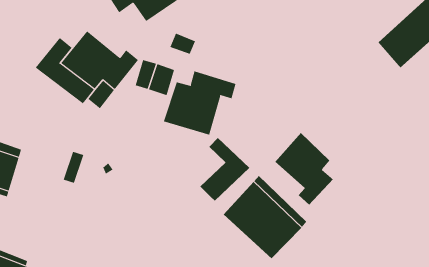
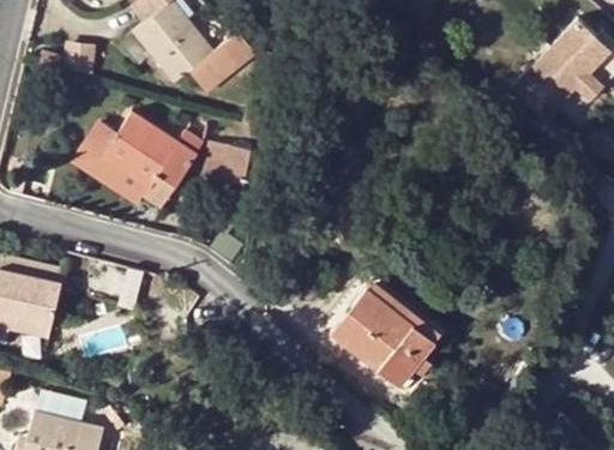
building: [163,70,236,135] -> none
building: [274,132,334,206] -> none
building: [200,137,250,202] -> none

